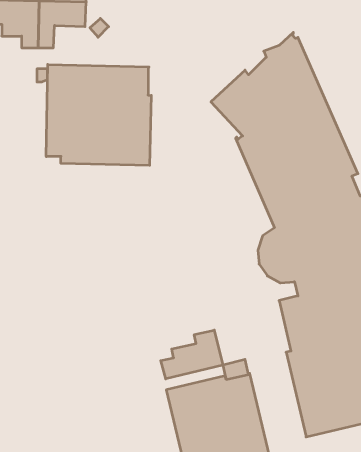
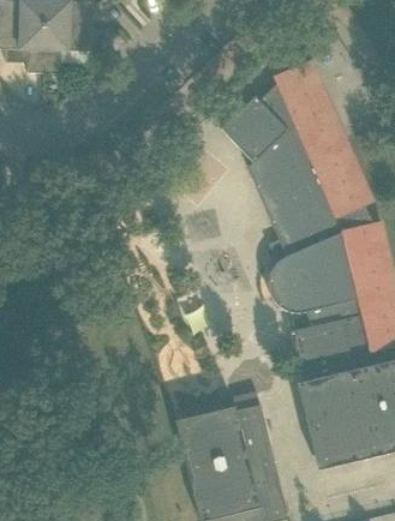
building: [46,64,151,165] -> none
building: [161,330,223,379] -> none

